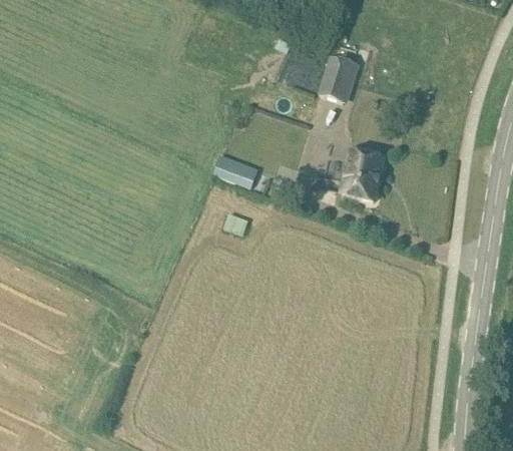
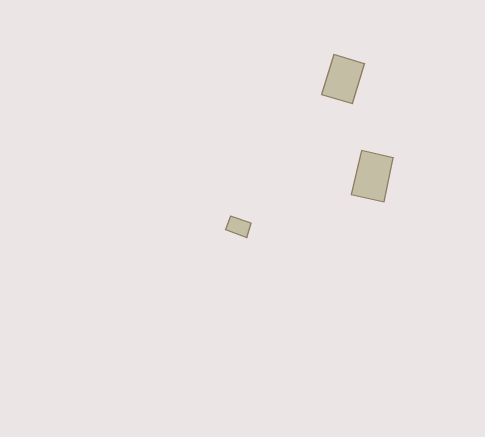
building: [212,154,242,182] -> none

